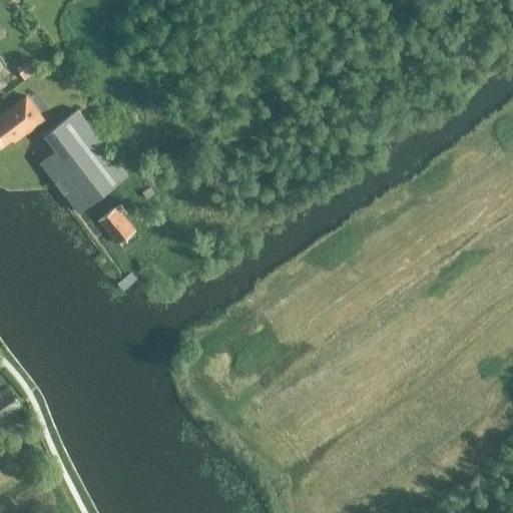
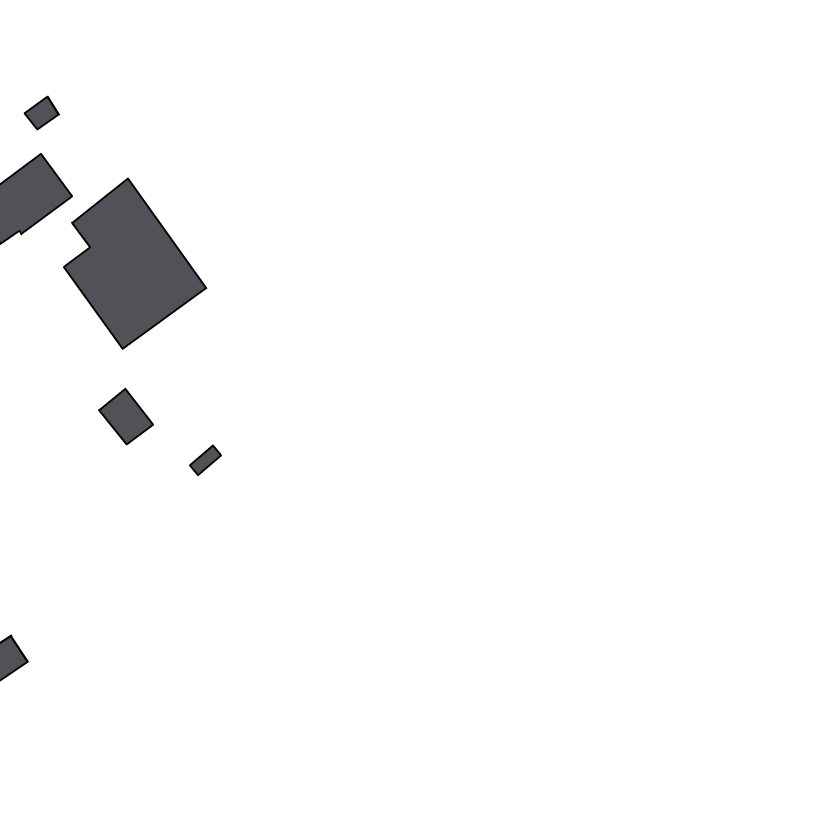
building: [99,208,132,242] -> [99,389,153,444]

